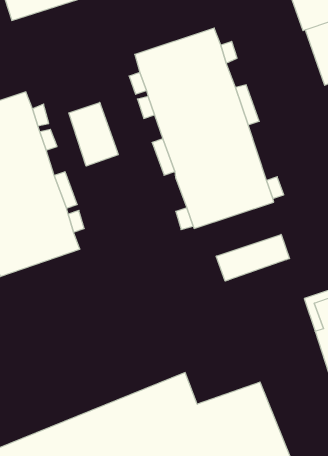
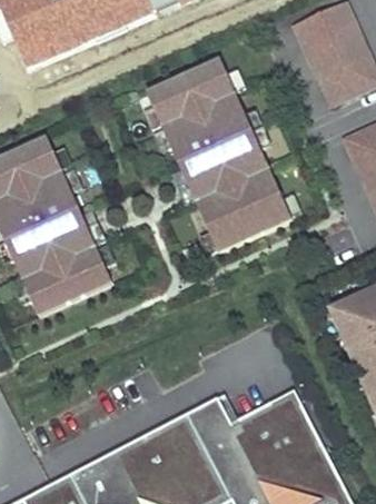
building: [69,102,118,166] -> none
building: [216,234,289,281] -> none

